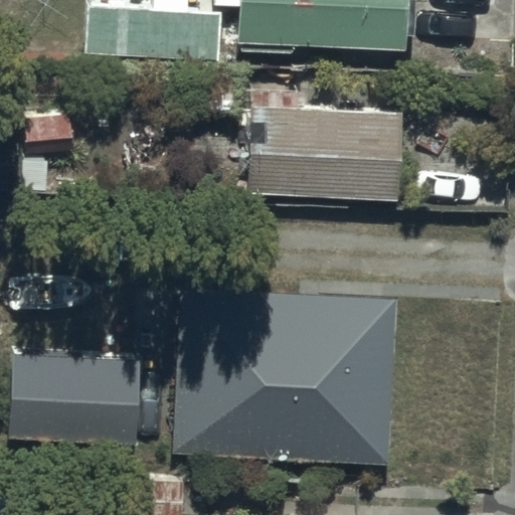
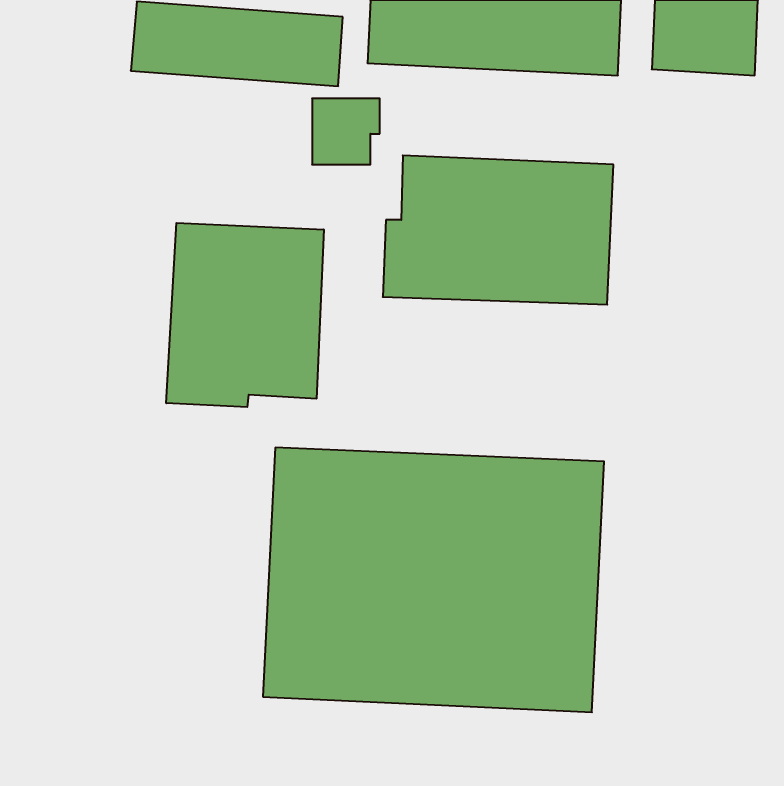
building: none -> [166,223,324,407]
building: [9,354,140,448] -> none

